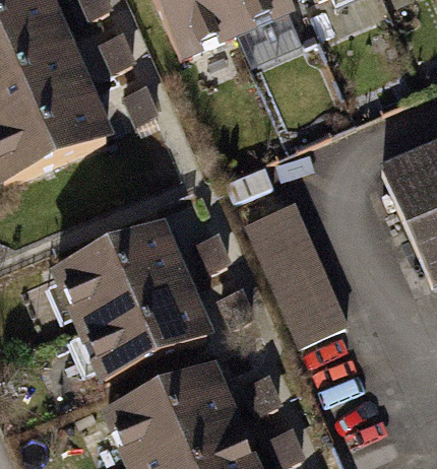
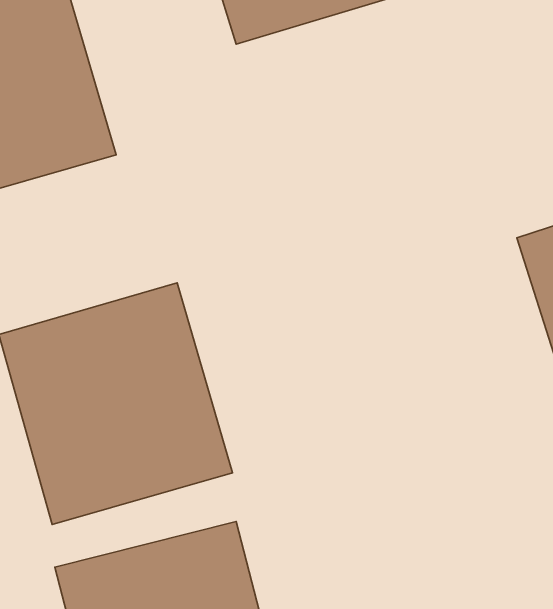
building: [241,195,341,341] -> none

